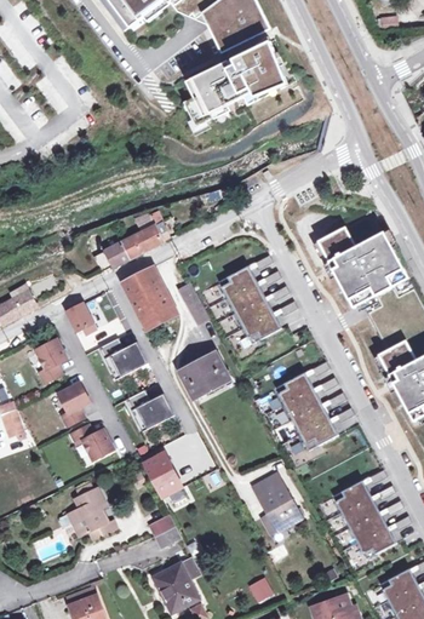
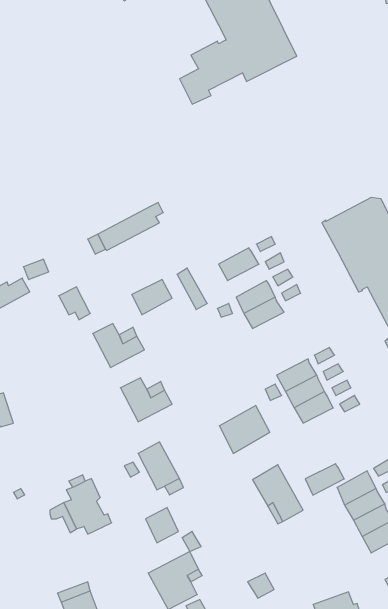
building: [121,268,165,310] -> none
building: [228,281,265,313] -> none
building: [35,339,67,383] -> none
building: [179,351,228,397] -> [219,406,270,453]
building: [58,383,90,426] -> none
building: [300,419,338,449] -> [305,464,344,495]
building: [71,425,114,460] -> none

